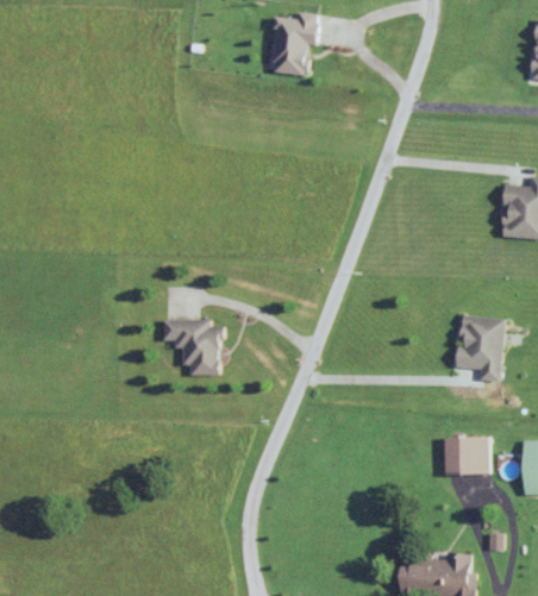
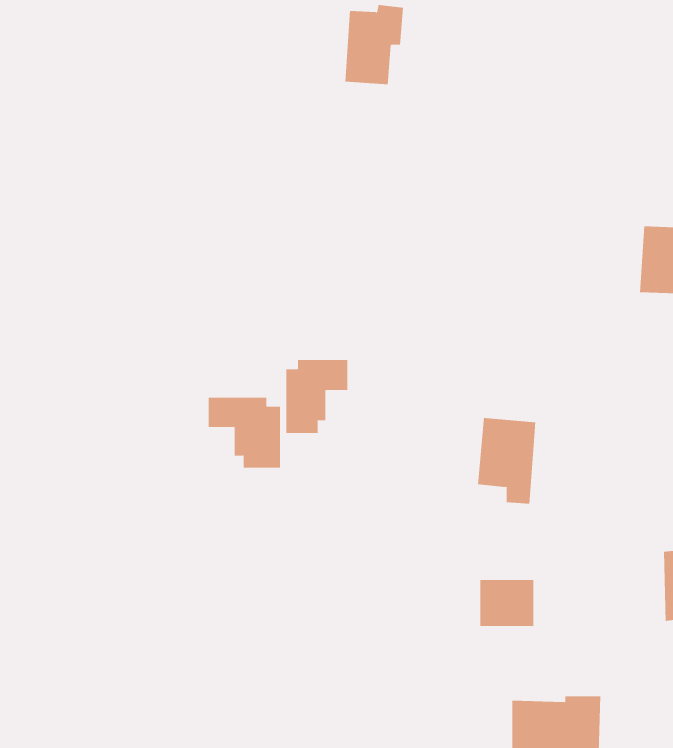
building: none -> [286,359,348,434]
building: [457,314,503,382] -> [477,418,536,504]
building: [444,438,487,475] -> [479,580,534,627]

